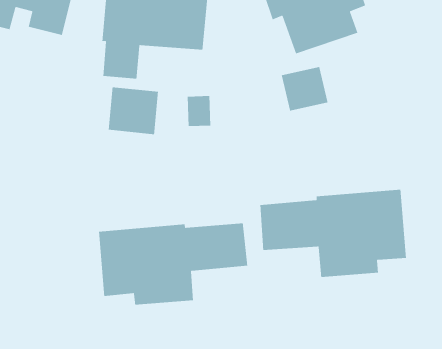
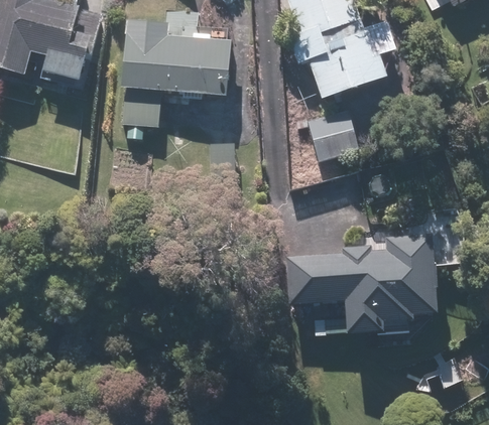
building: [108,86,159,135] -> none
building: [98,223,248,306] -> none

